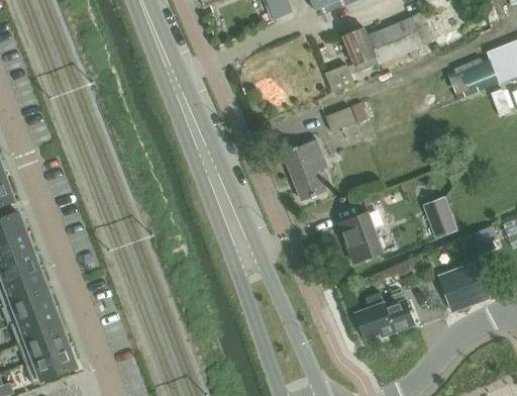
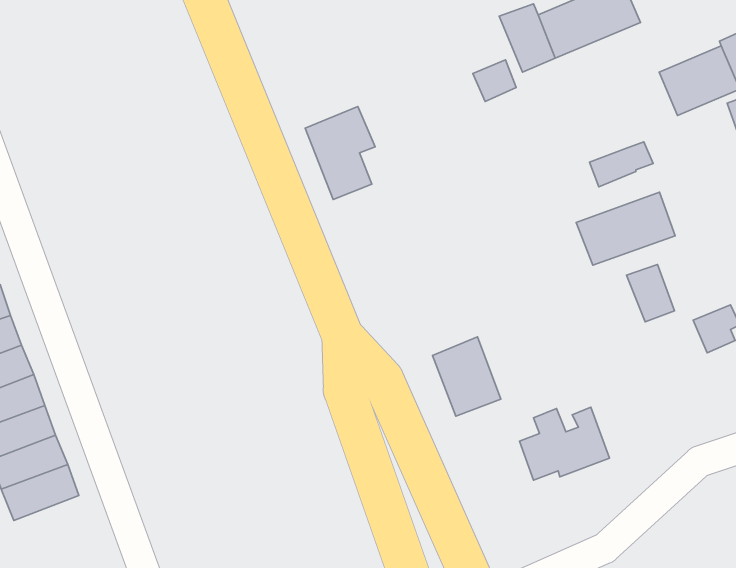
building: [327,103,369,132] -> [589,142,653,187]
building: [284,138,329,199] -> [305,106,375,200]
building: none -> [576,192,675,265]
building: [339,210,384,262] -> [433,337,501,416]
building: [440,263,491,310] -> none
building: [27,348,77,384] -> none

